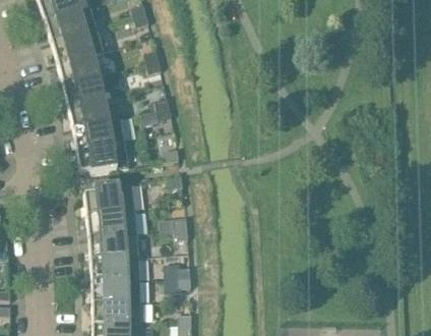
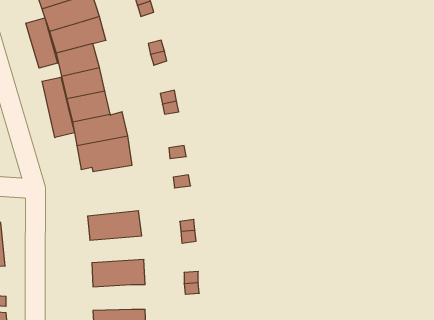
building: none -> [26,18,57,68]
building: none -> [42,77,74,138]
building: [83,180,134,213] -> none
building: [88,231,139,257] -> none
building: [91,277,140,301] -> none

